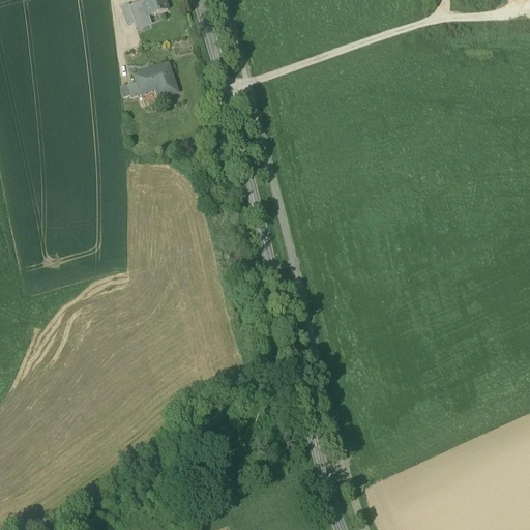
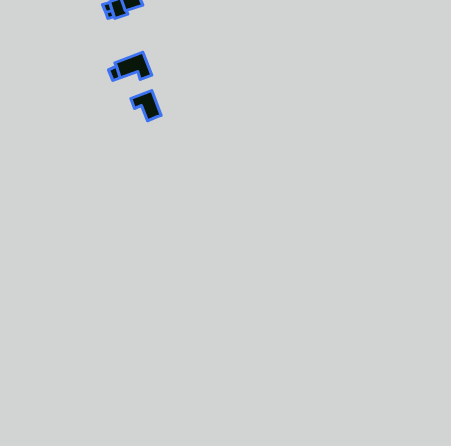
building: none -> [131,91,161,121]

